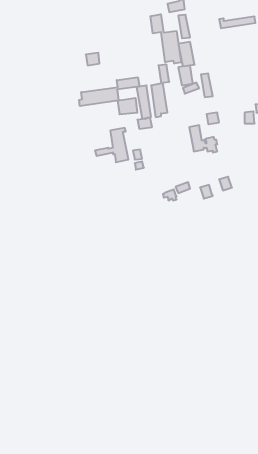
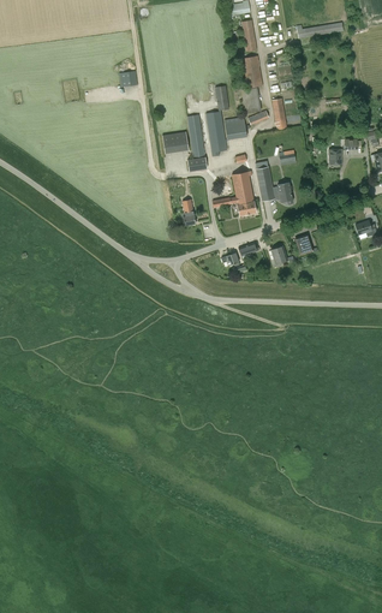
building: [151,14,181,64] -> none
building: [79,77,139,106] -> none
building: [95,128,128,162] -> [211,171,256,216]

